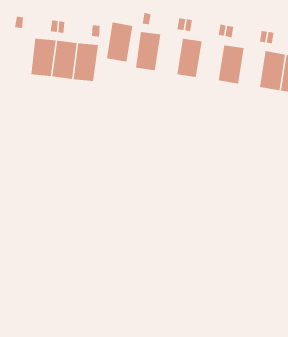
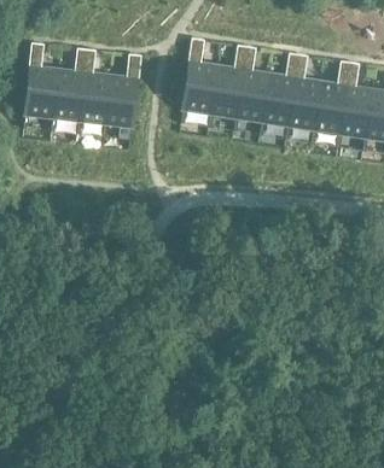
building: [106,22,133,62] -> [208,64,242,115]
building: none -> [24,65,56,115]
building: none -> [260,72,293,122]
building: none -> [313,81,345,130]

